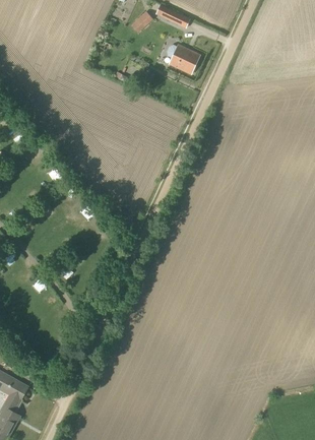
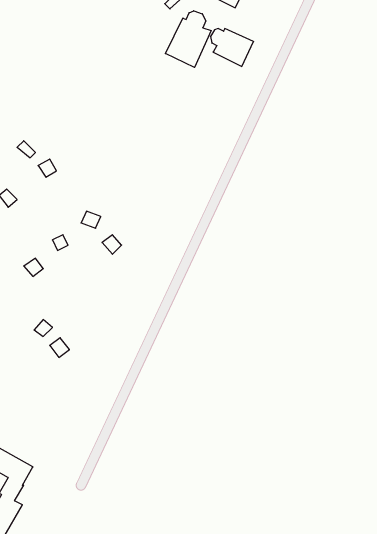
building: none -> [165,11,211,67]

